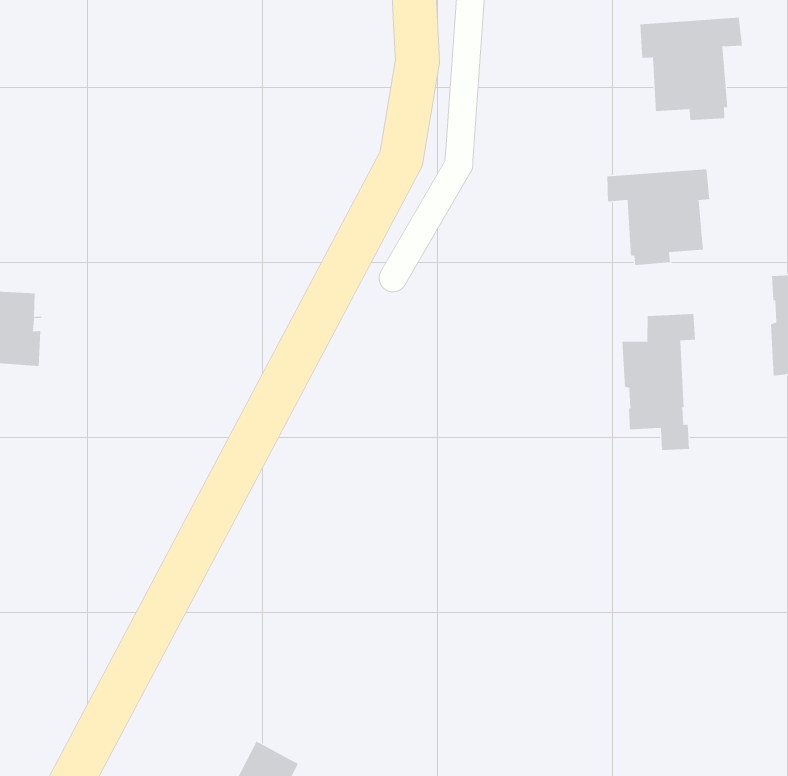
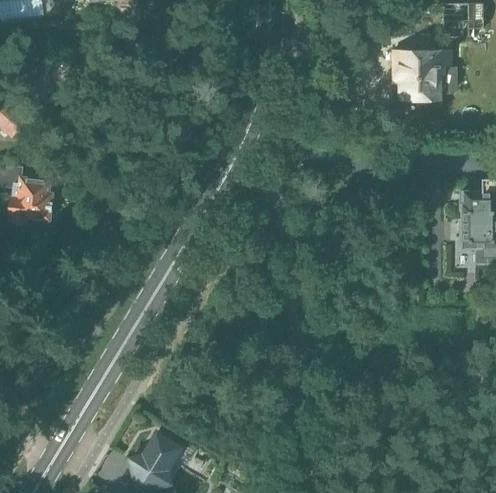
building: [607,169,710,266] -> none
building: [622,313,695,451] -> none

